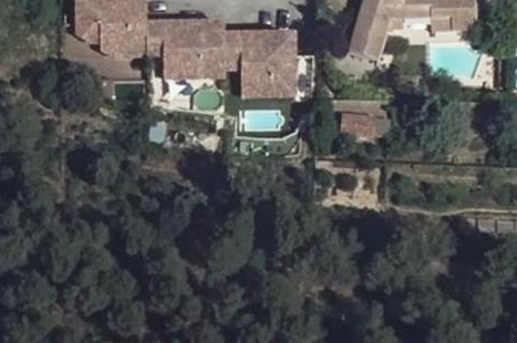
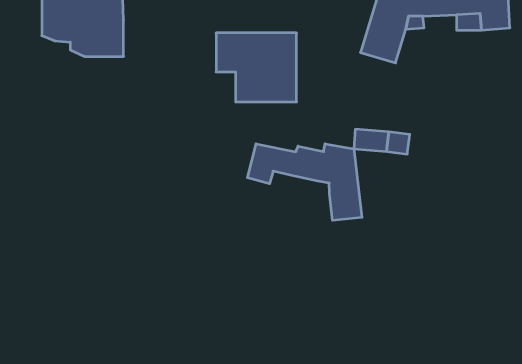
building: [147,20,226,73] -> none
building: none -> [247,144,362,220]

